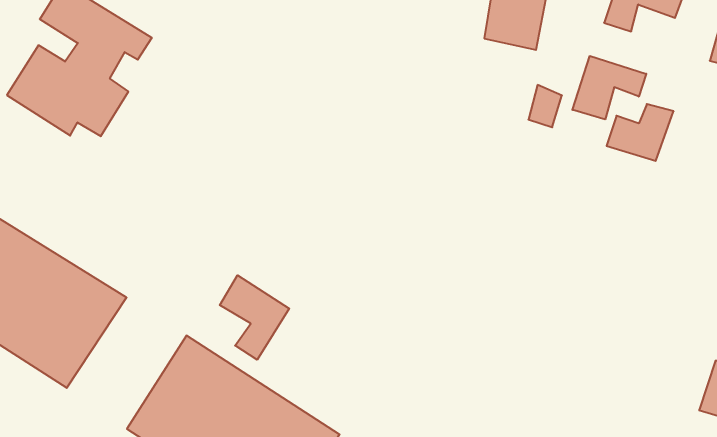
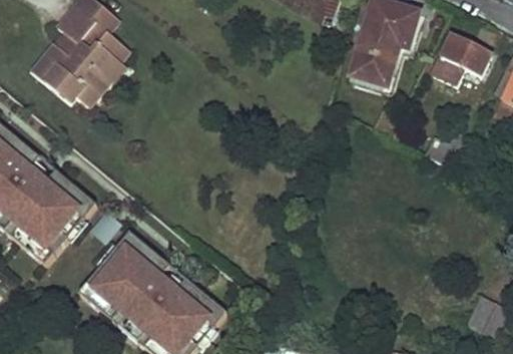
building: [572,56,646,119] -> none
building: [220,275,289,360] -> none

